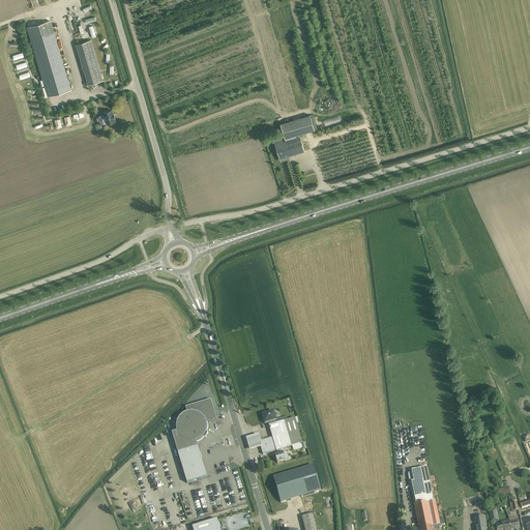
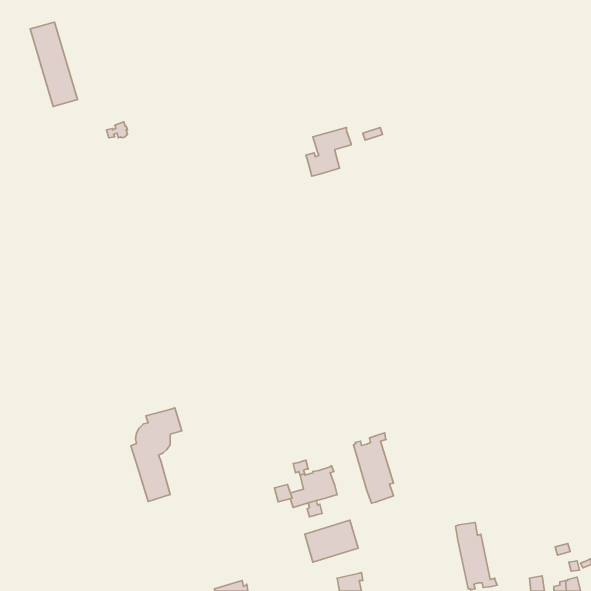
building: [76,39,102,84] -> none
building: none -> [353,433,394,503]
building: [171,399,216,482] -> [131,408,182,502]

